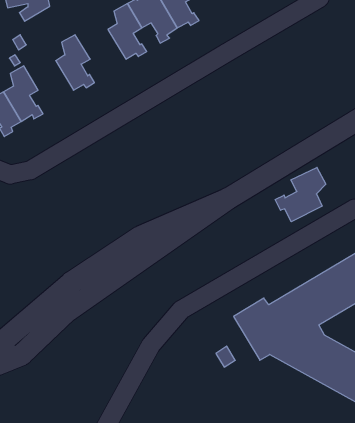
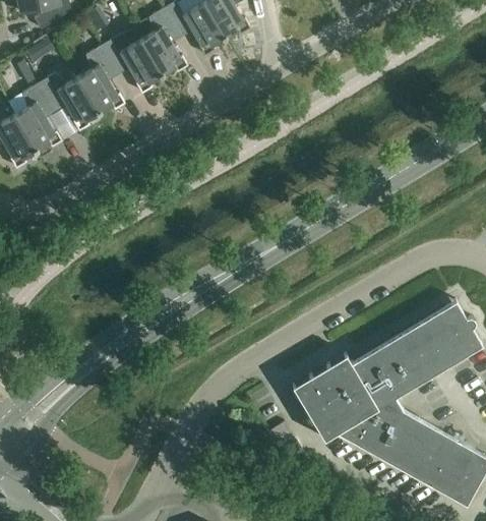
building: none -> [102,34,163,94]
building: none -> [40,73,100,131]
building: [275,167,326,222] -> none

